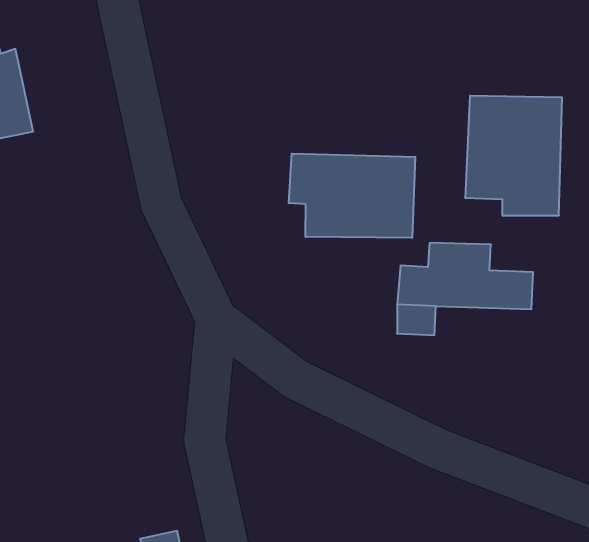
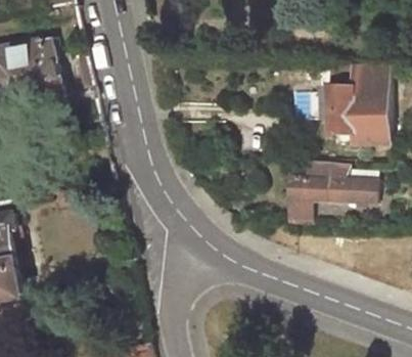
building: [289,153,415,238] -> none

